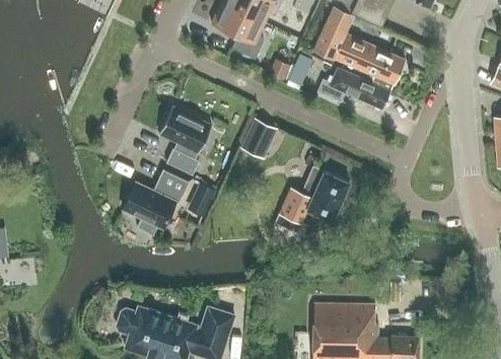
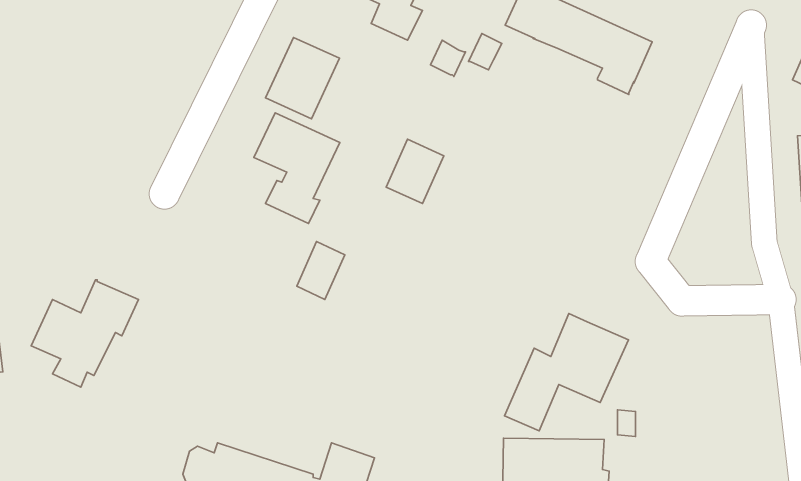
building: none -> [265,37,339,119]
building: [317,68,390,110] -> none
building: [273,166,349,238] -> [504,313,628,431]
building: [123,169,189,235] -> [31,280,139,387]

